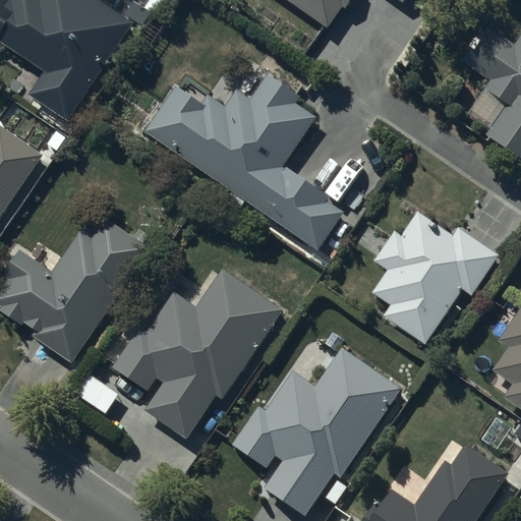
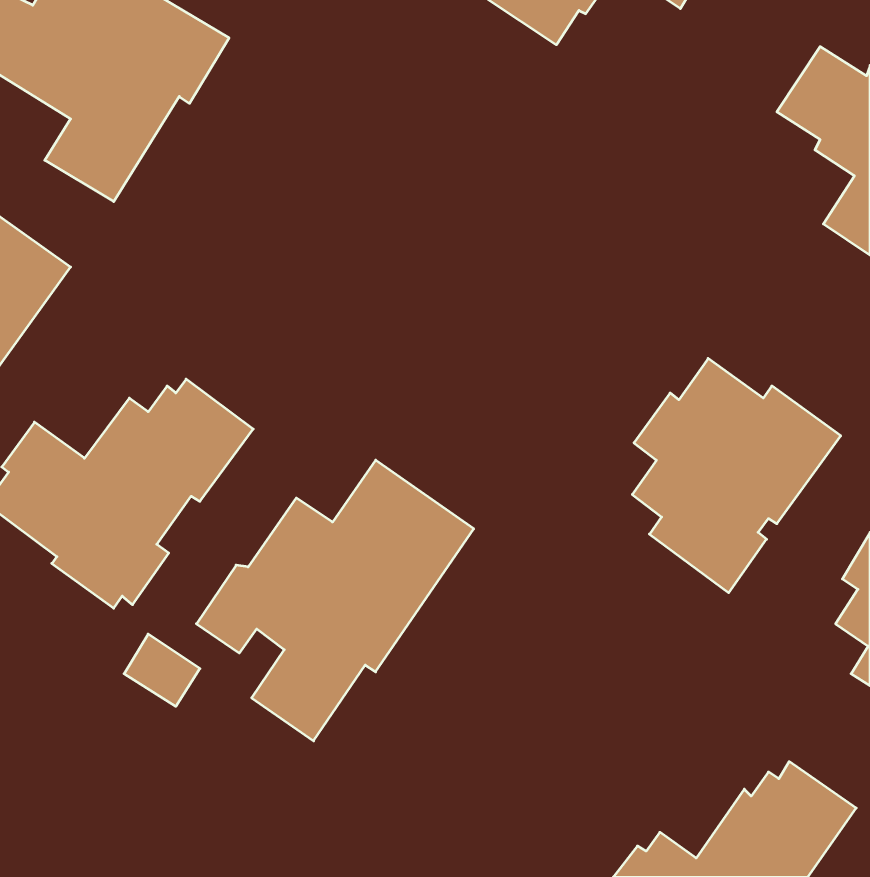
building: [141,74,347,249] -> none
building: [234,349,398,512] -> none

